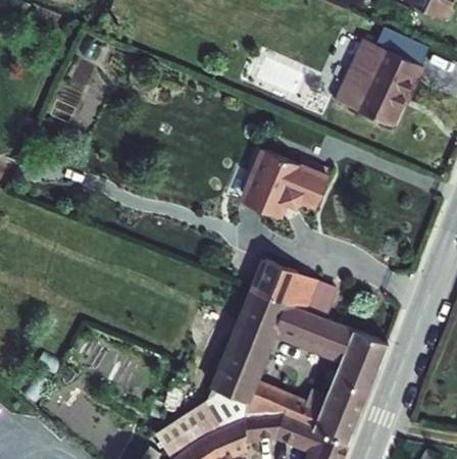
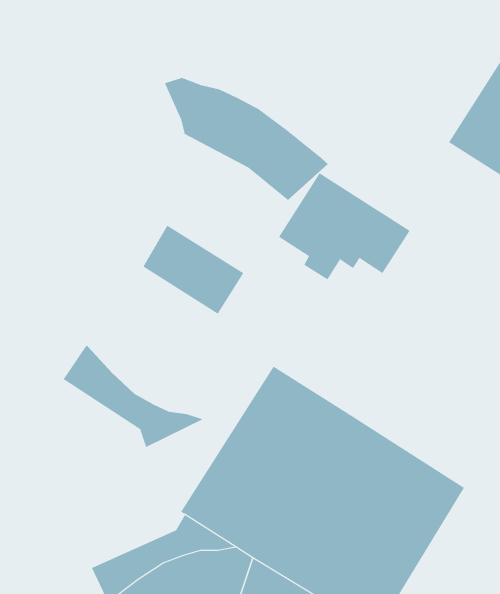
building: none -> [164,77,328,201]
building: [253,251,319,303] -> [142,225,244,315]
building: none -> [63,344,204,448]

